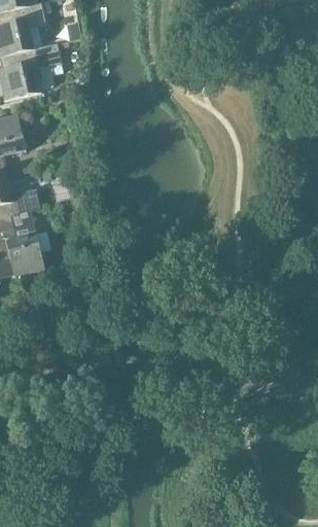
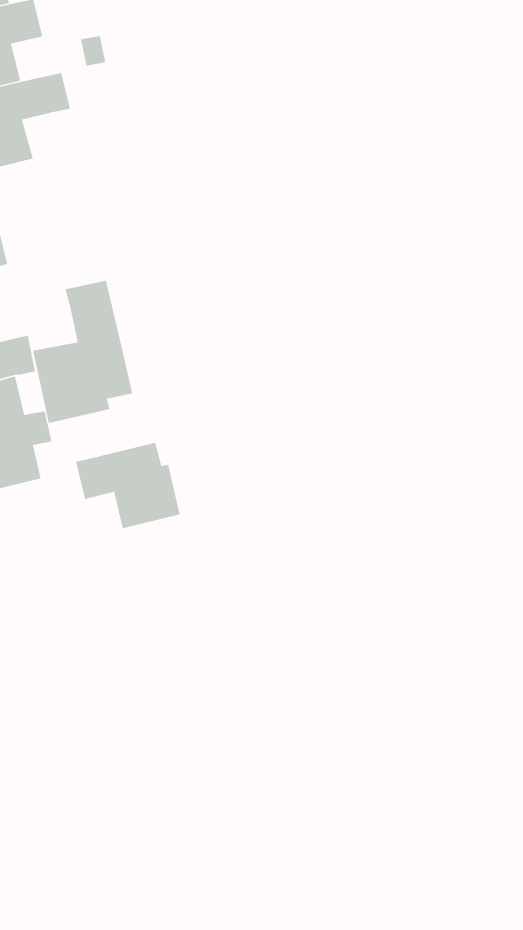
building: none -> [32,280,133,424]
building: none -> [75,442,181,529]

